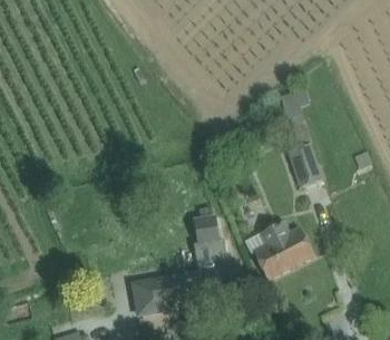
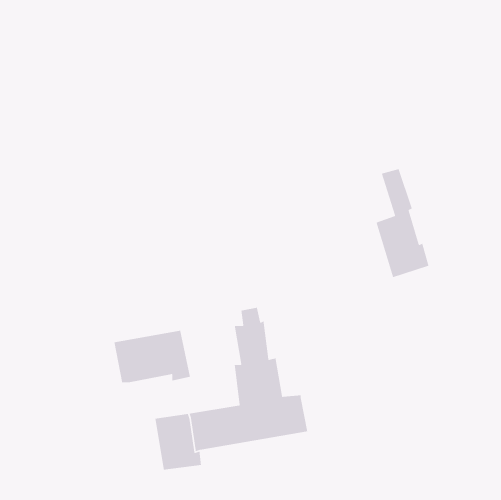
building: [252,221,313,279] -> none
building: none -> [114,330,191,383]

